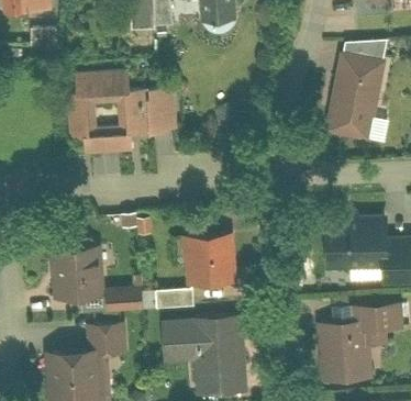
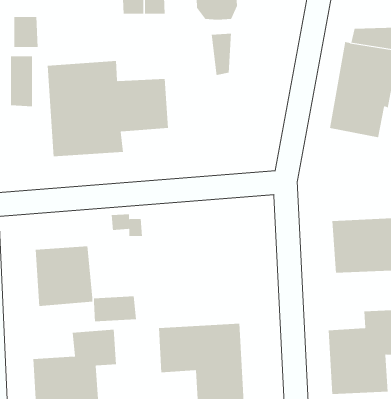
building: none -> [211,33,232,76]
building: none -> [11,55,32,107]
building: [184,236,235,282] -> none
building: [154,288,193,308] -> none

